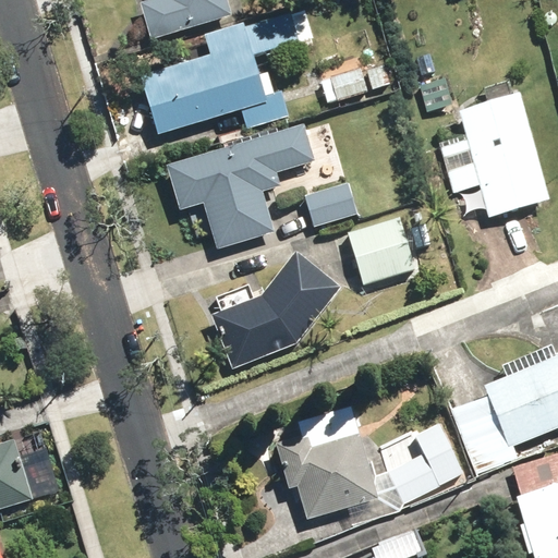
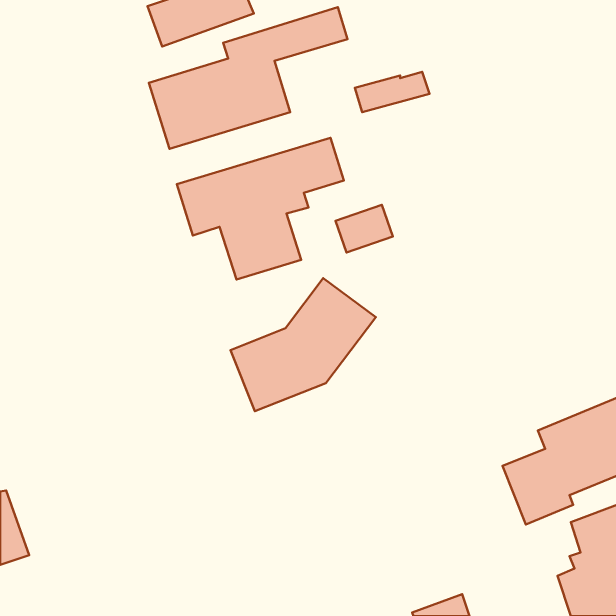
building: [444,94,546,215] -> none
building: [347,215,421,284] -> none
building: [274,403,466,524] -> none

